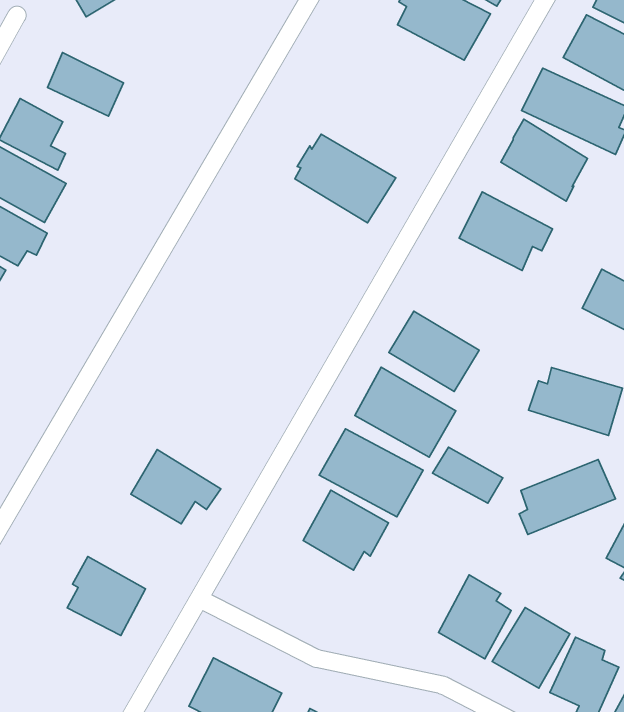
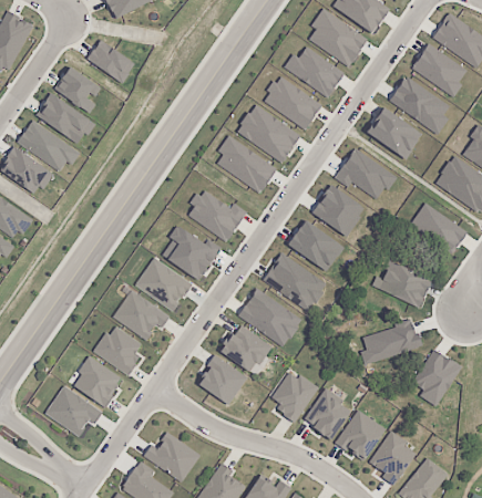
building: none -> [284,46,345,96]
building: none -> [265,75,321,128]
building: none -> [217,134,276,193]
building: none -> [311,185,362,236]
building: none -> [187,190,247,241]
building: none -> [162,225,222,280]
building: none -> [135,257,192,311]
building: [432,447,503,503] -> none
building: none -> [98,331,145,378]
building: none -> [203,355,252,407]
building: none -> [269,370,318,419]
building: none -> [45,385,103,436]

